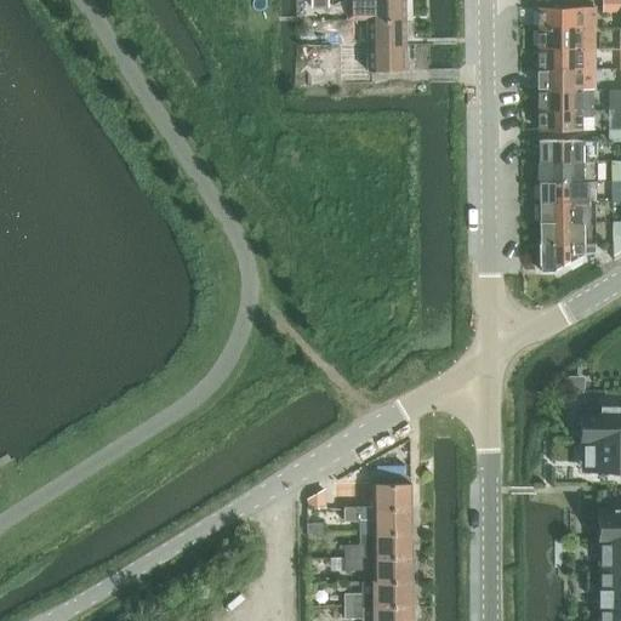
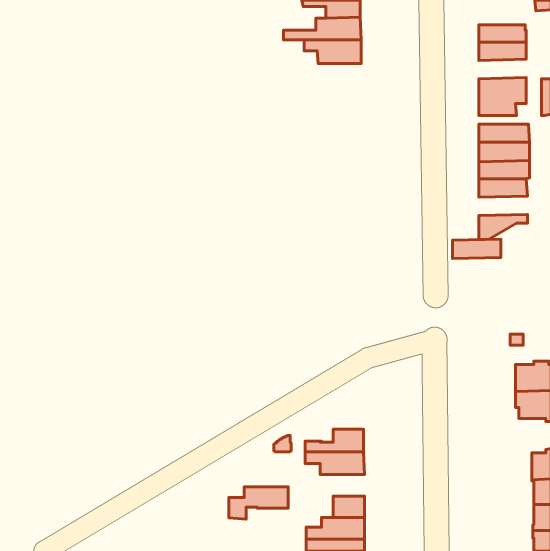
building: [540,6,596,28] -> none
building: [540,67,593,89] -> none
building: [540,221,594,243] -> [452,239,501,259]
building: [344,534,411,570] -> [229,487,288,519]

